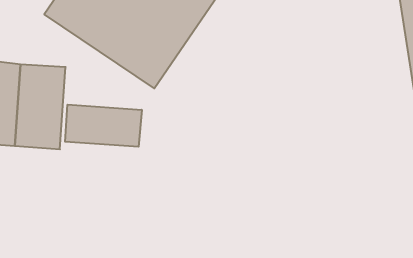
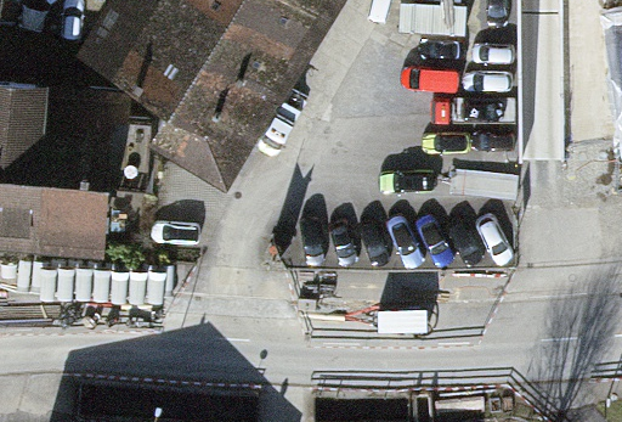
building: [65,105,142,147] -> none

